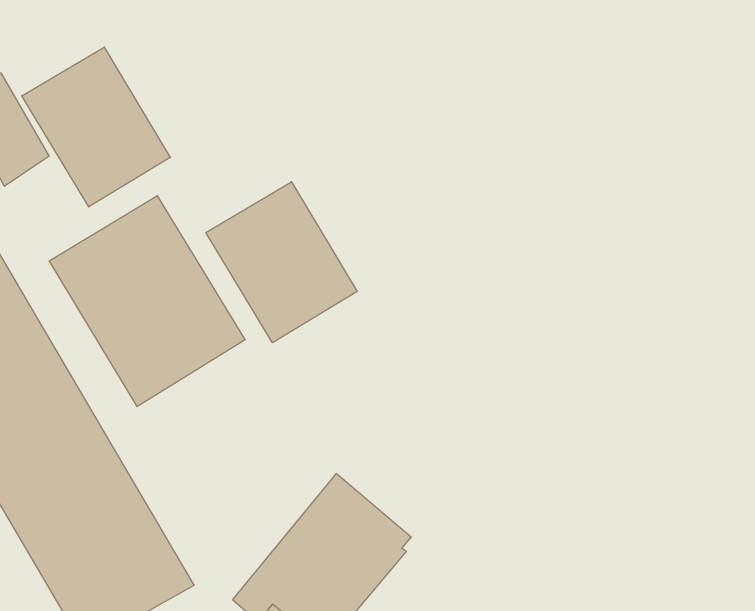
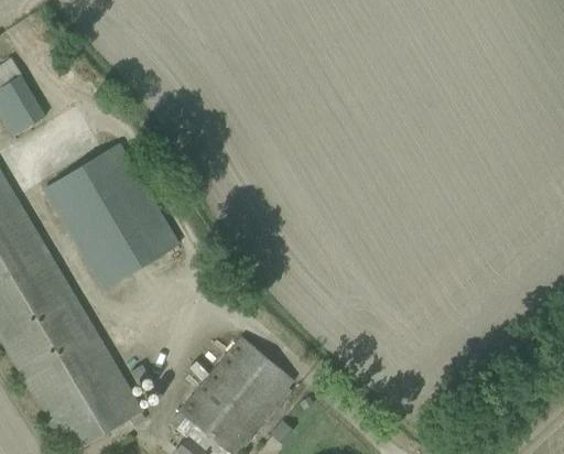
building: [22,47,170,207] -> none
building: [206,182,357,343] -> none

